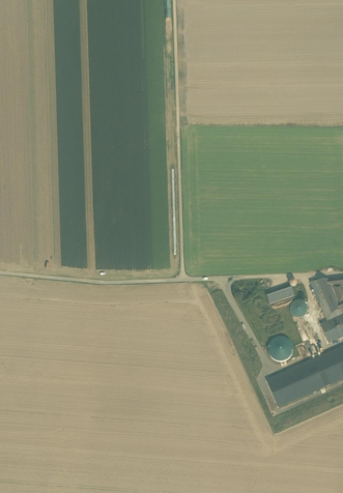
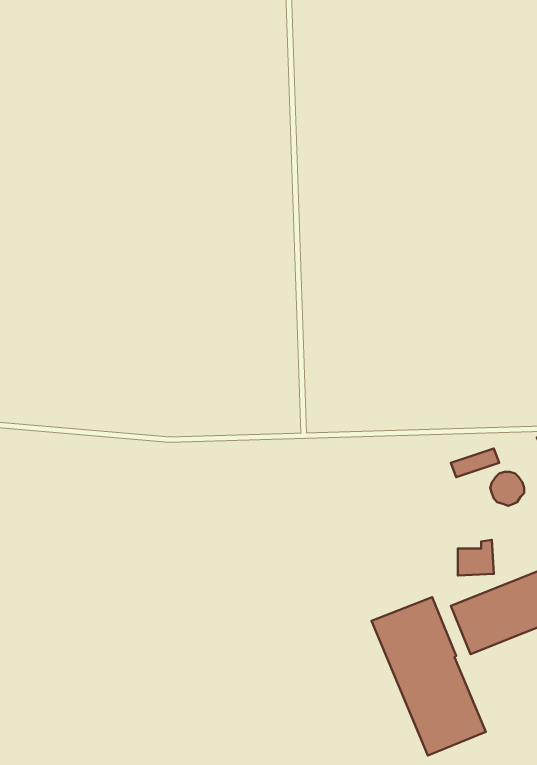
building: none -> [371,597,486,756]

